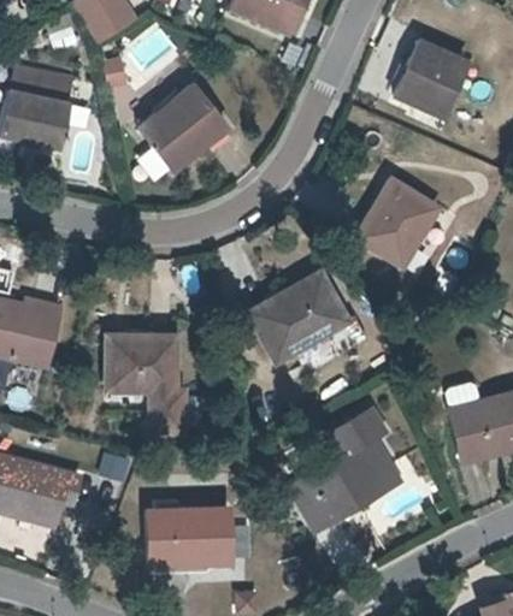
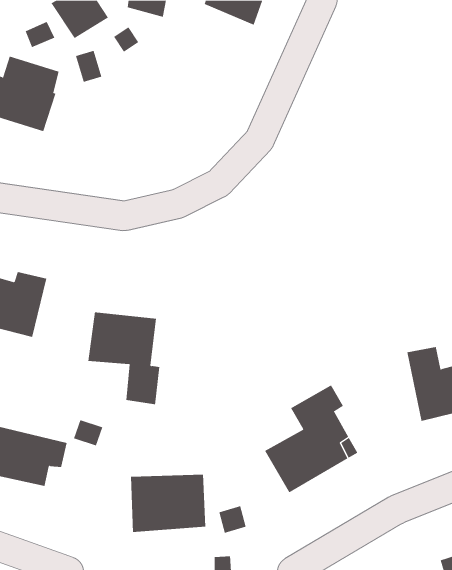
building: [394,43,466,118] -> none
building: [146,83,230,165] -> none
building: [354,179,436,268] -> none
building: [253,272,344,356] -> none

